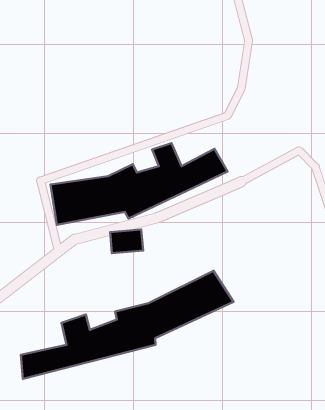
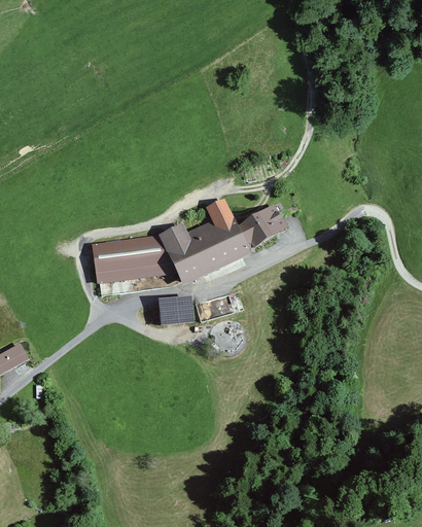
building: [21,271,233,379] -> none

